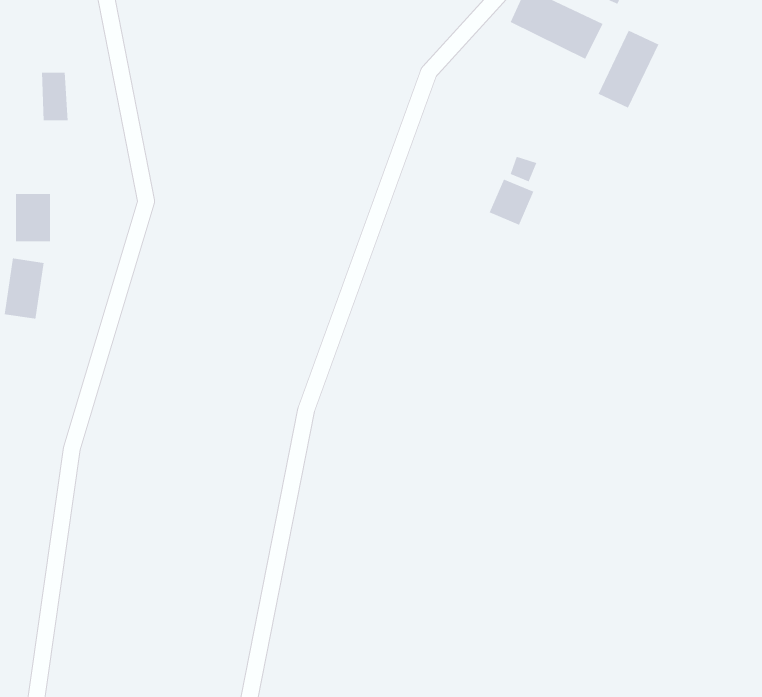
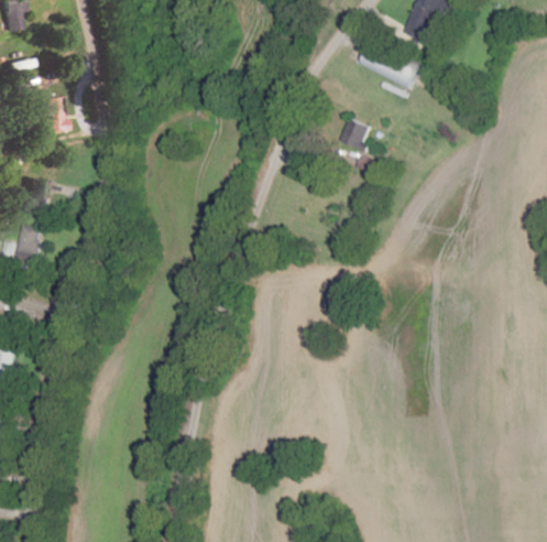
building: [598,30,659,108] -> none
building: [489,179,534,226] -> [339,118,370,150]

